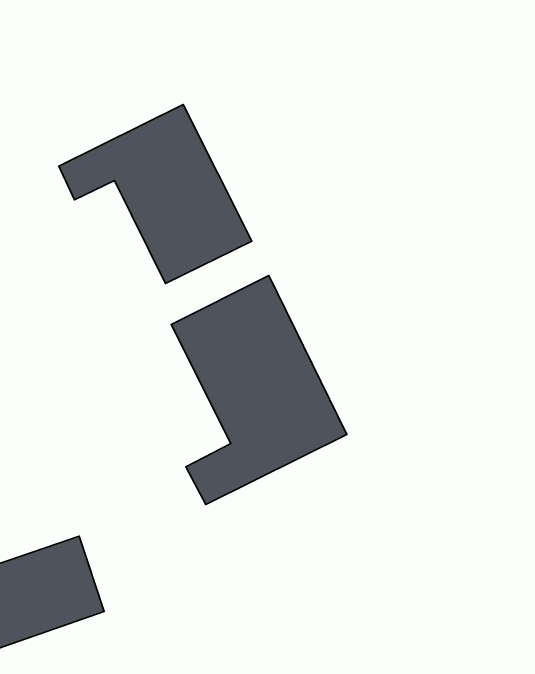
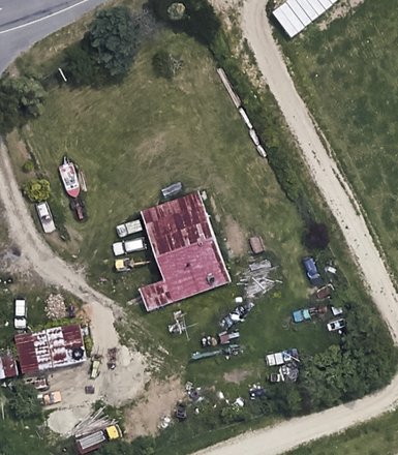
building: [59,105,252,284] -> none

